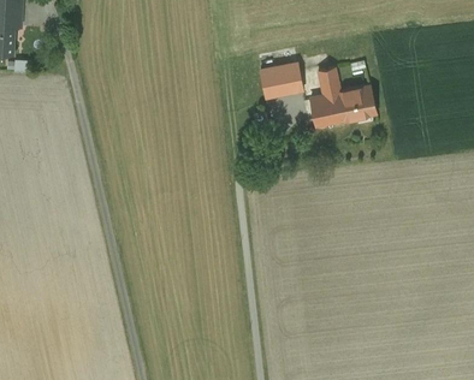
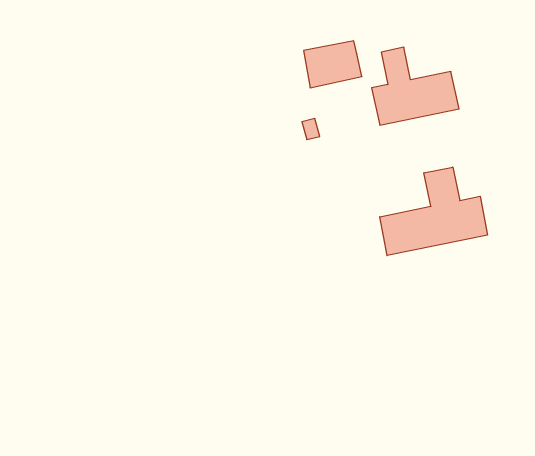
building: none -> [380,167,487,256]

